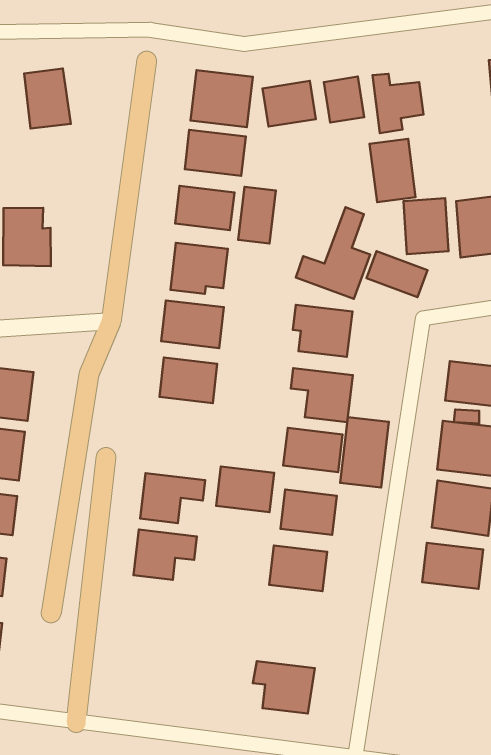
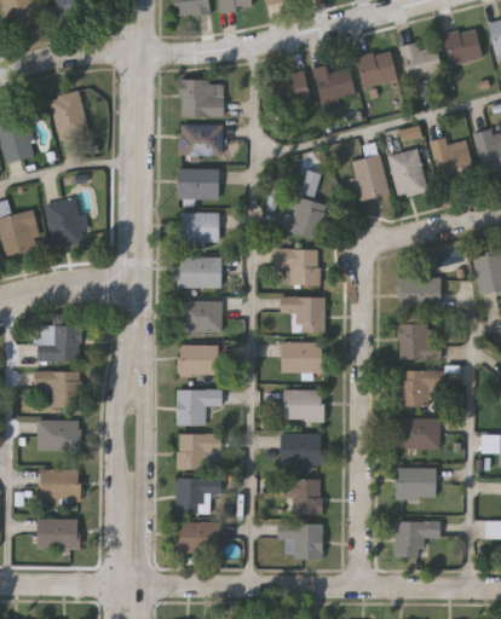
building: none -> [357,50,397,88]
building: [263,81,316,127] -> none
building: [370,139,415,202] -> none
building: [238,187,276,244] -> none
building: [367,251,428,297] -> none
building: [340,417,389,488] -> none
building: [216,467,274,512] -> [177,346,218,376]
building: none -> [175,478,223,514]
building: none -> [278,479,322,514]
building: none -> [397,468,436,498]
building: none -> [175,522,219,554]
building: none -> [396,521,440,556]

